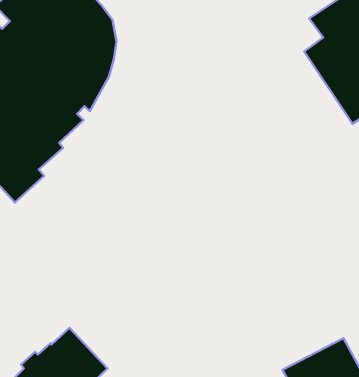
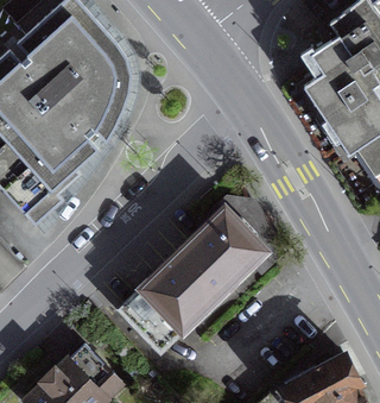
building: none -> [120,208,272,350]

